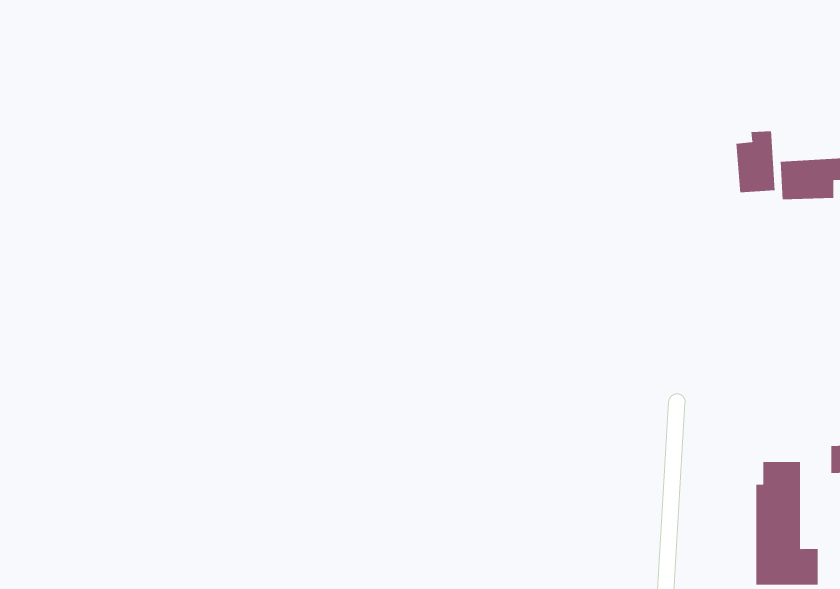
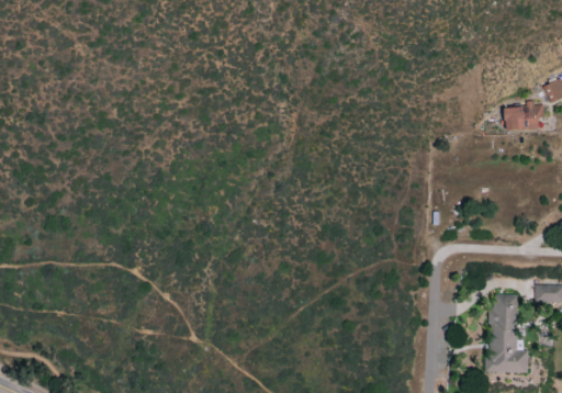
building: [736,131,775,193] -> none

